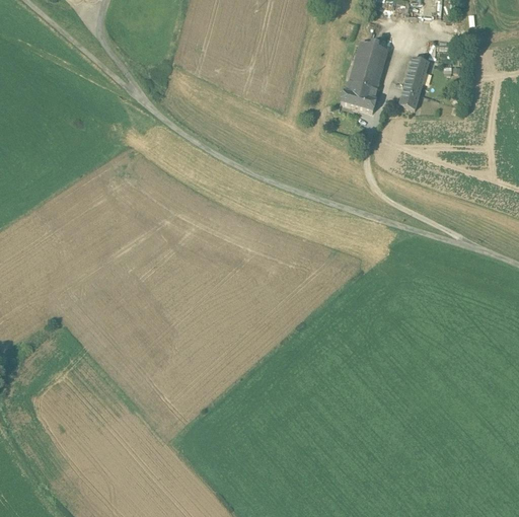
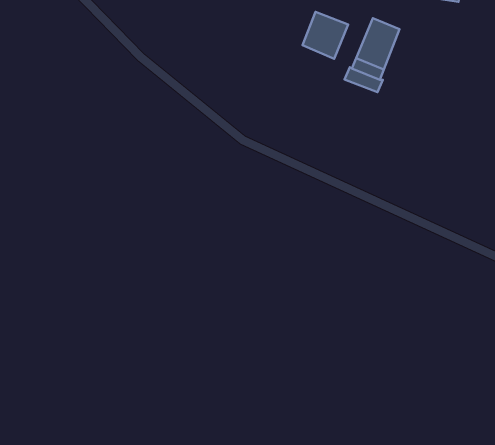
building: none -> [302,12,348,59]
building: [398,54,428,105] -> none

